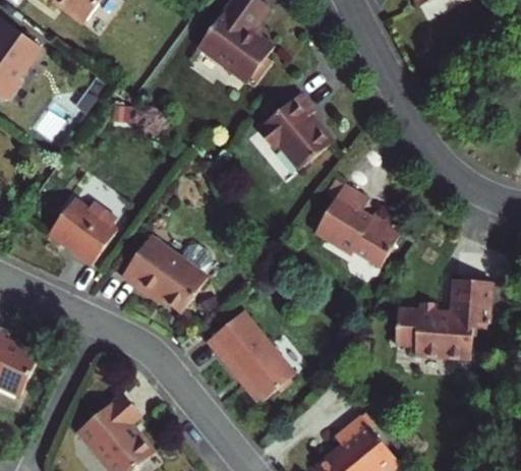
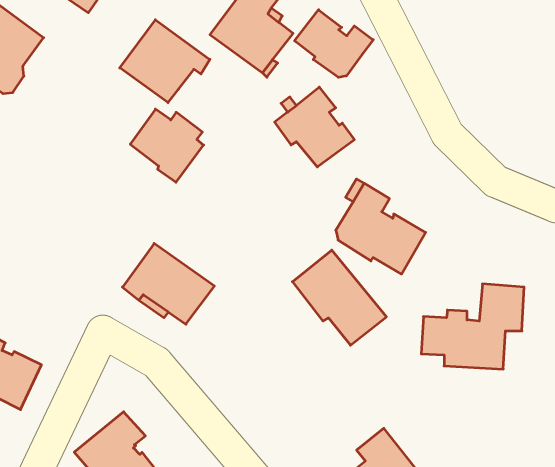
building: none -> [295,10,373,77]
building: none -> [120,20,210,103]
building: [51,195,119,263] -> [130,109,204,182]
building: [209,306,296,395] -> [292,250,386,345]

